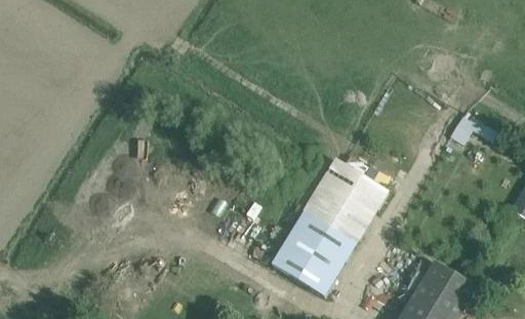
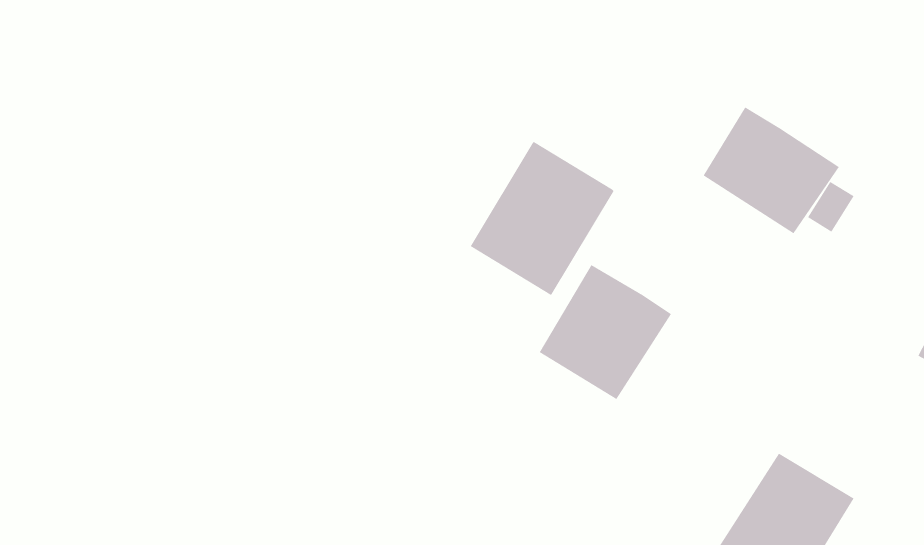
building: none -> [703,106,840,234]
building: [273,207,351,290] -> [470,142,614,296]

